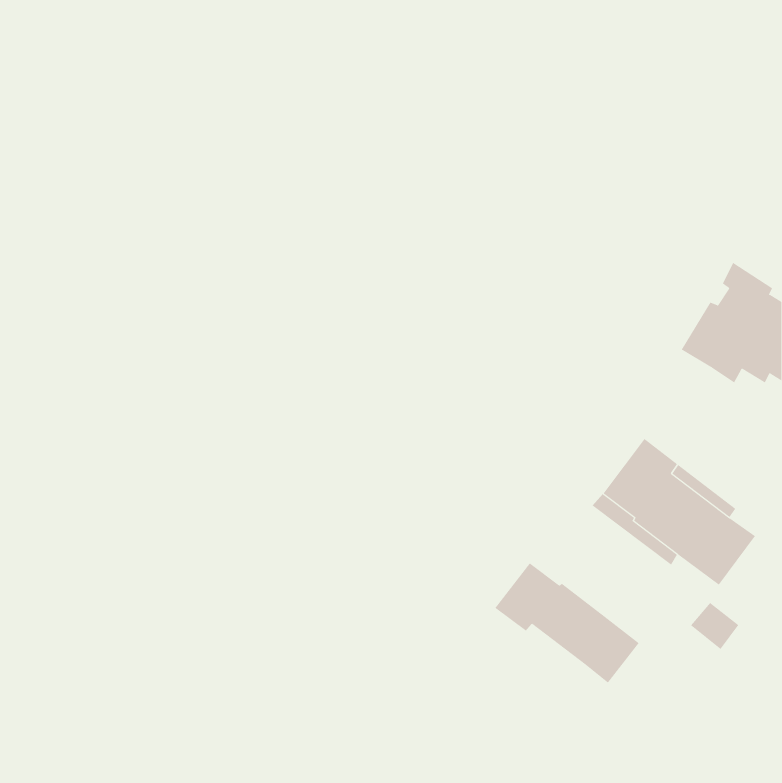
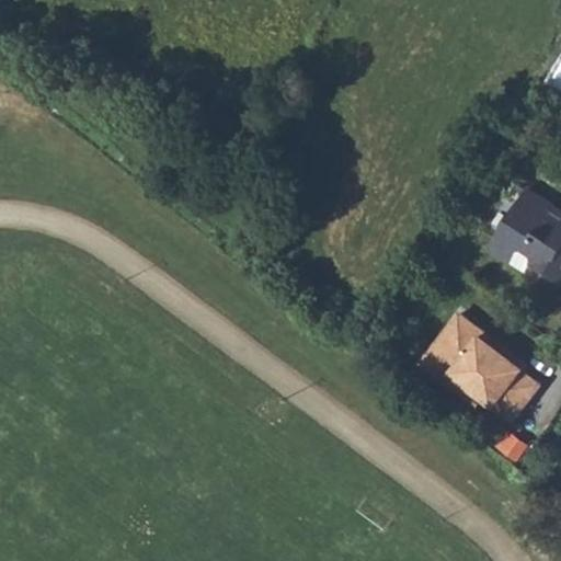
building: [494,562,640,684] -> none

